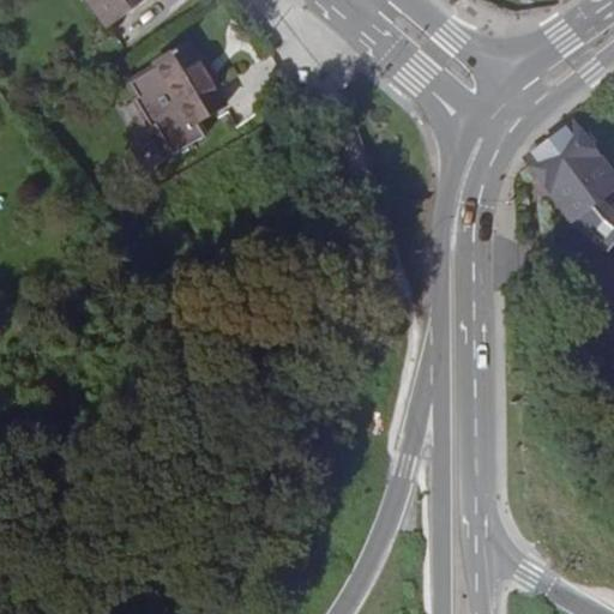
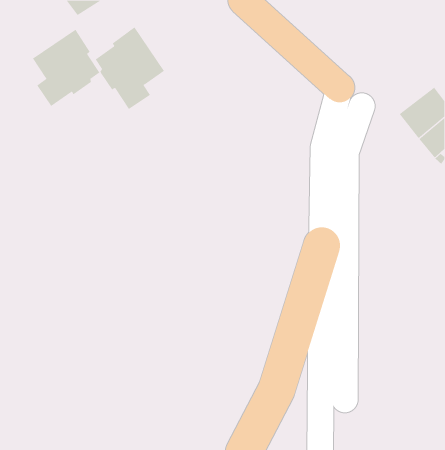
building: none -> [32,29,100,107]

